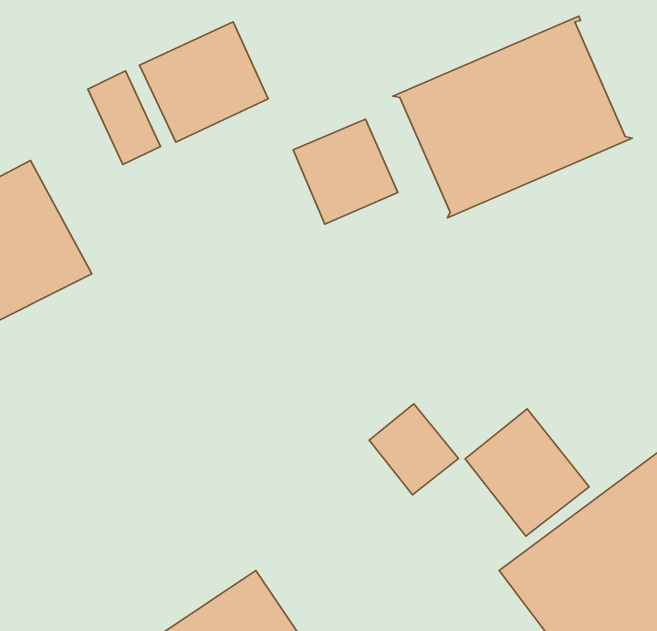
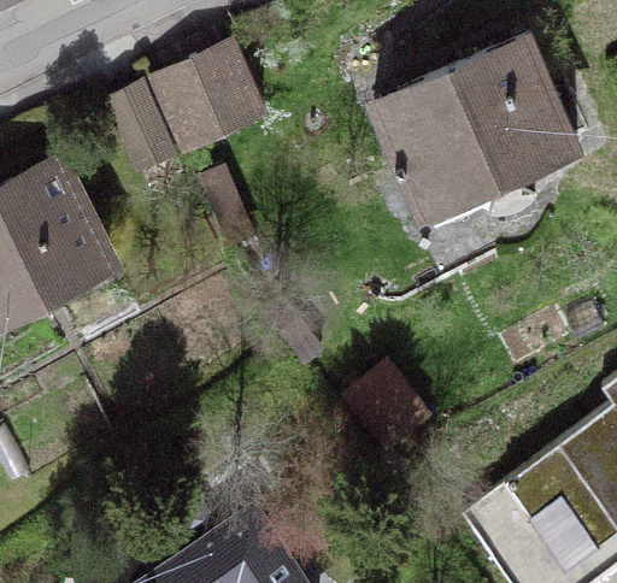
building: [293,119,398,224] -> none
building: [465,409,589,536] -> none

